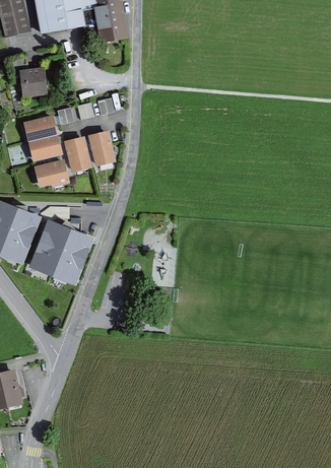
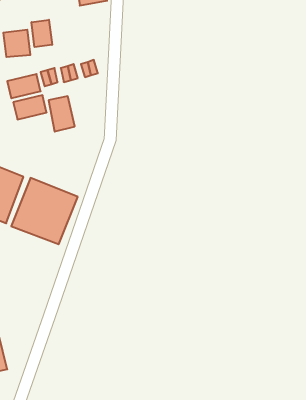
building: none -> [32,20,52,47]
building: [88,129,115,162] -> none
building: [34,157,67,186] -> none

